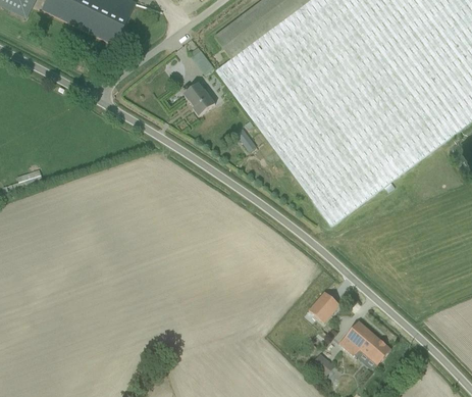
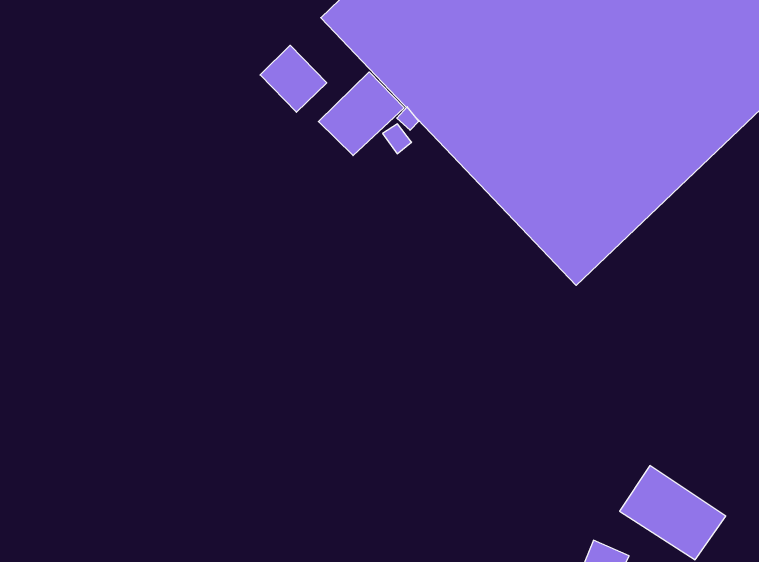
building: none -> [318,72,404,156]
building: [314,292,346,324] -> none

